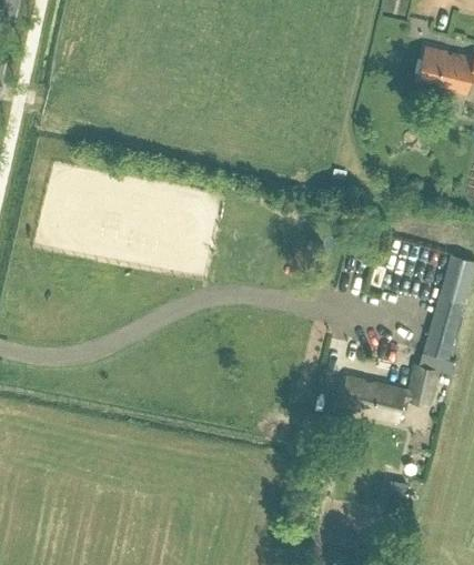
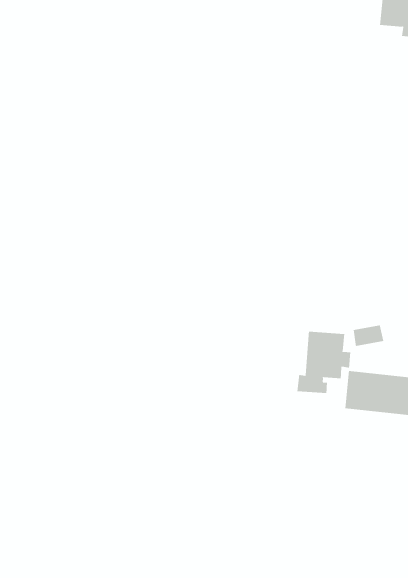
building: none -> [297,331,351,394]

